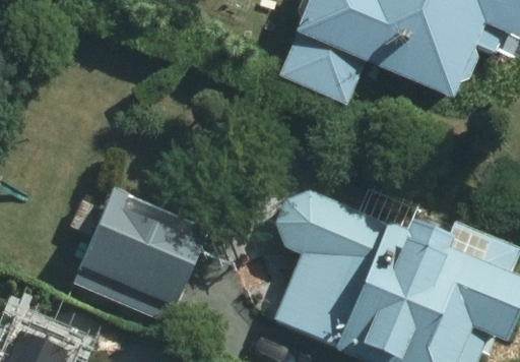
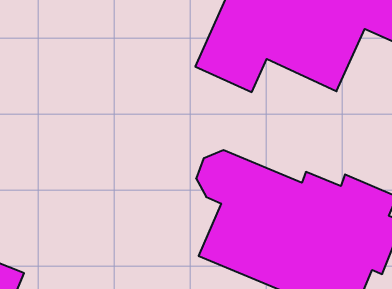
building: [80,182,201,295] -> none

